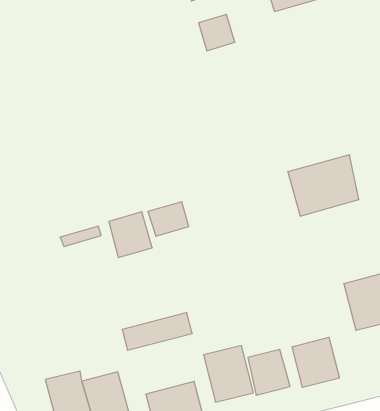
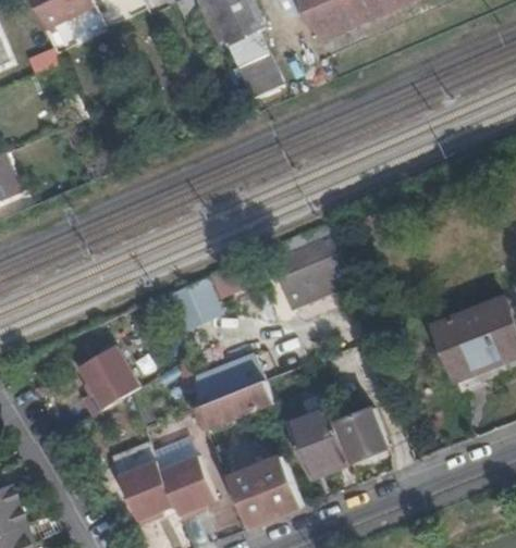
building: [288,155,359,216] -> [269,234,351,308]
building: none -> [77,344,137,413]
building: none -> [185,357,262,408]
building: [292,337,339,387] -> none

